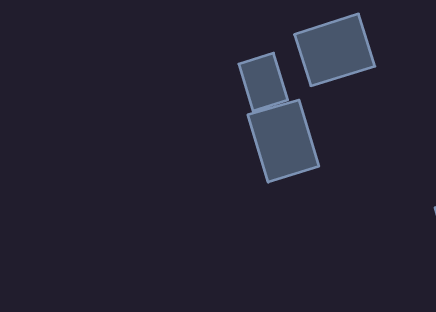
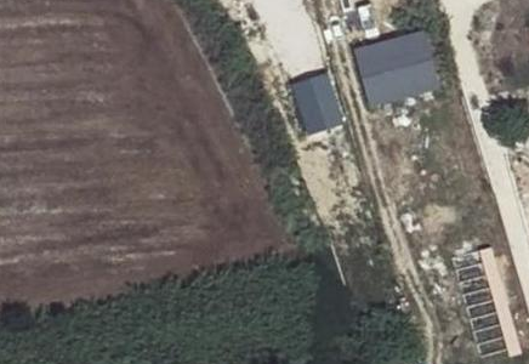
building: [248,100,319,182] -> none

